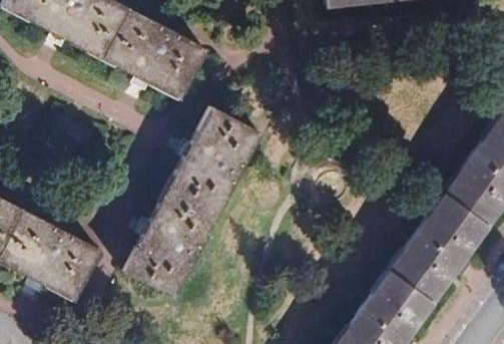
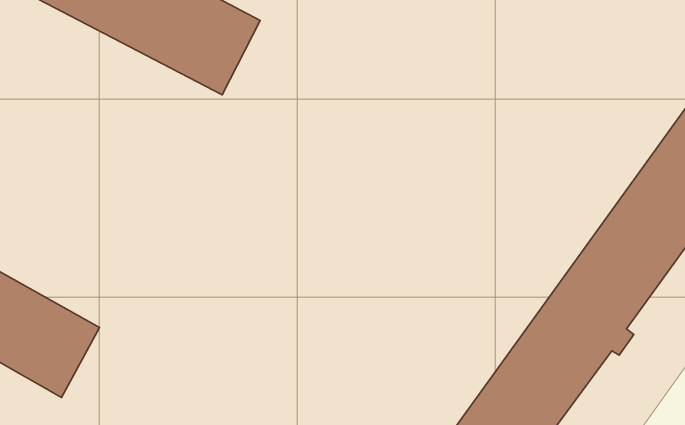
building: [130,118,261,300] -> none

